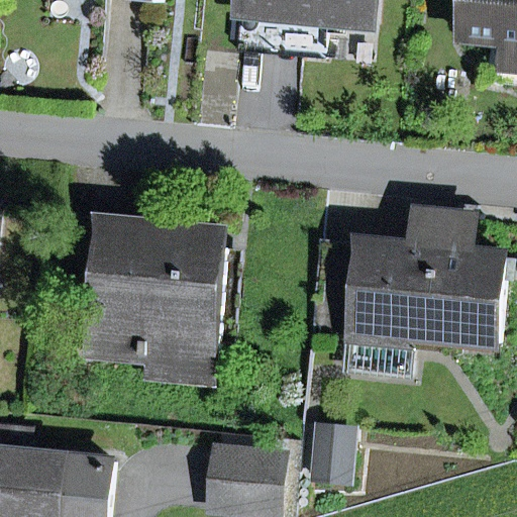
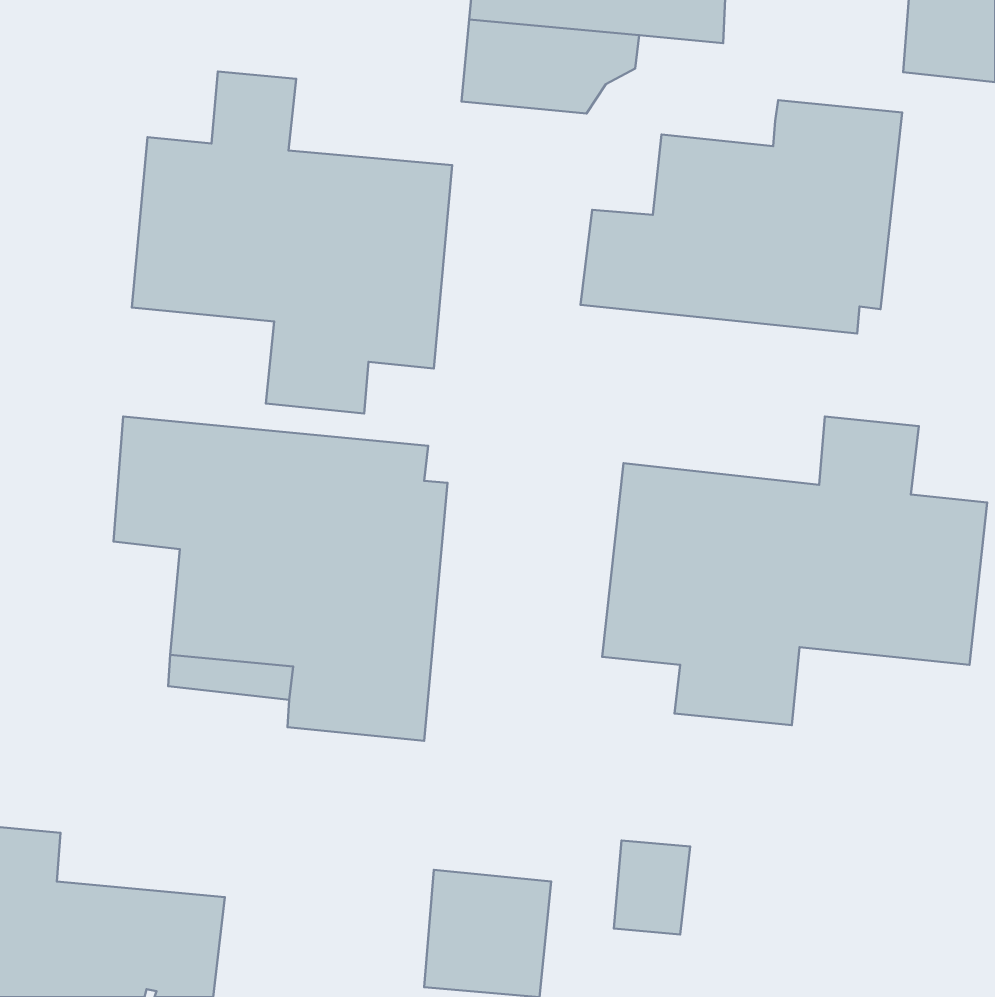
building: none -> [132,71,452,413]
building: none -> [580,100,902,333]

